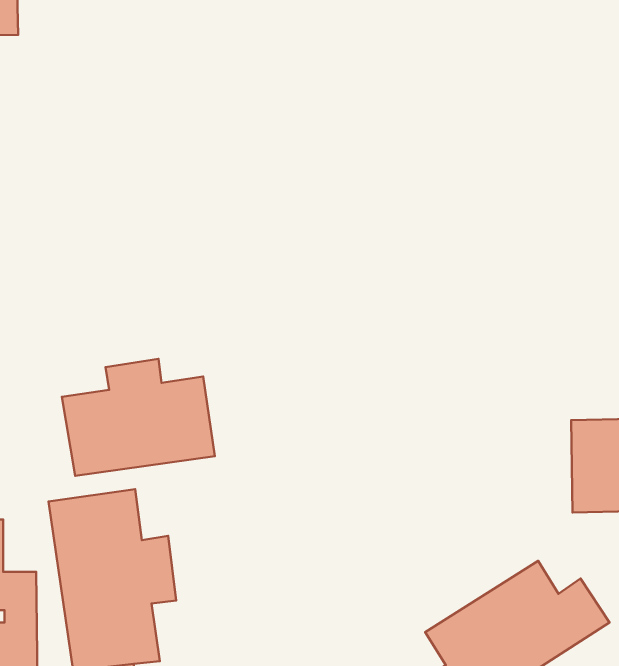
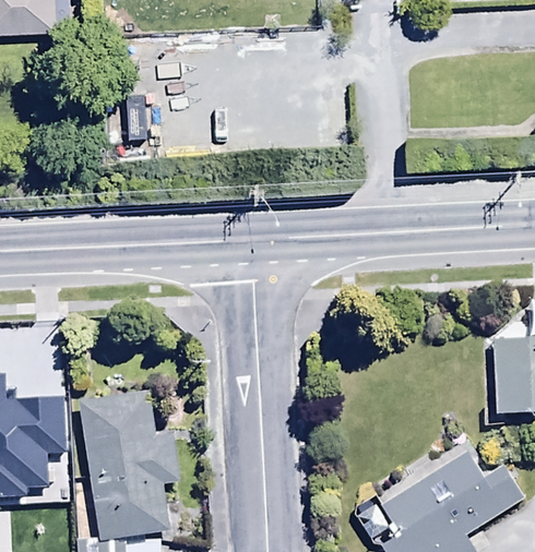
building: [62,359,215,476] -> none

